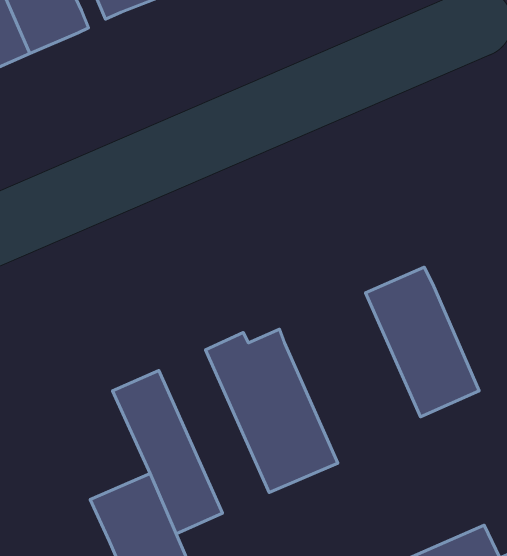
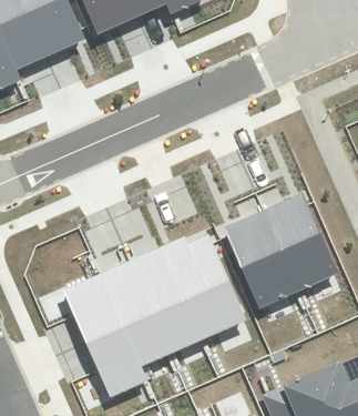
building: none -> [224,210,299,307]
building: none -> [131,246,202,352]
building: none -> [63,273,125,343]

